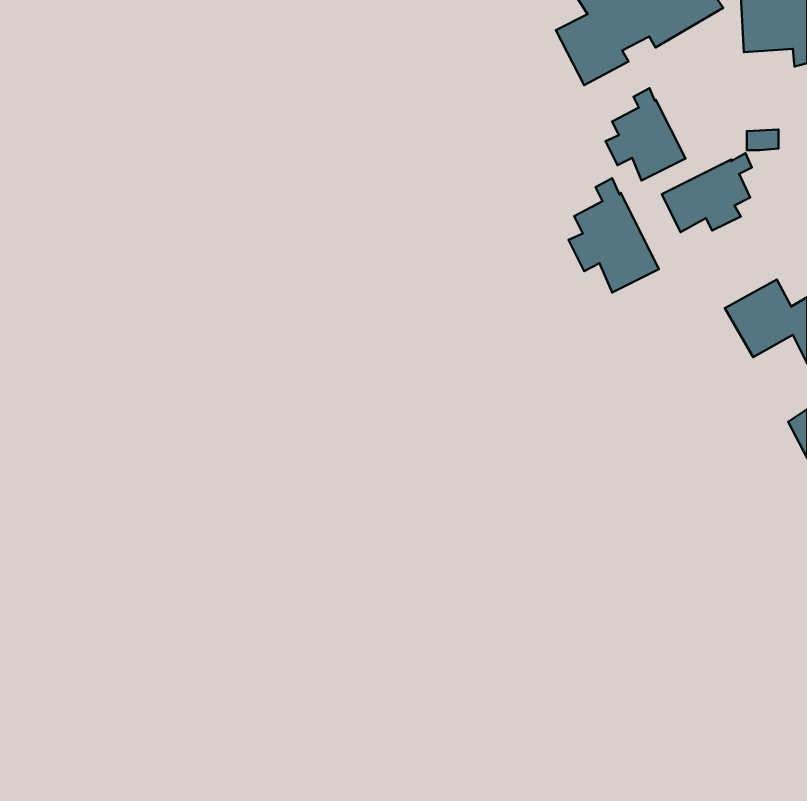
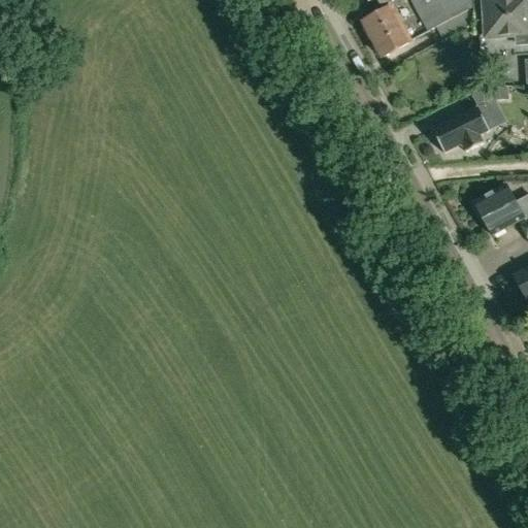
building: [605,88,685,181] -> none
building: [569,178,659,293] -> none

